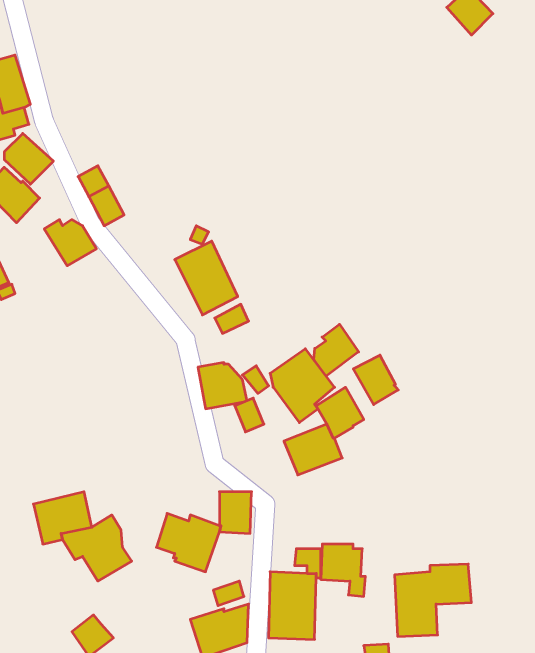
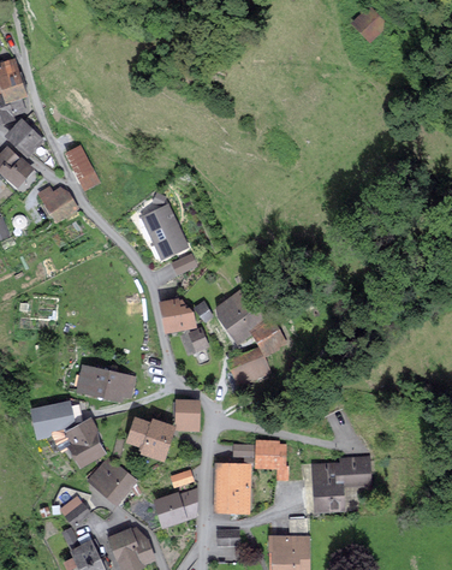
building: [314,324,359,376] -> none
building: [353,355,398,405] -> none
building: none -> [76,364,136,403]
building: none -> [87,456,141,505]

